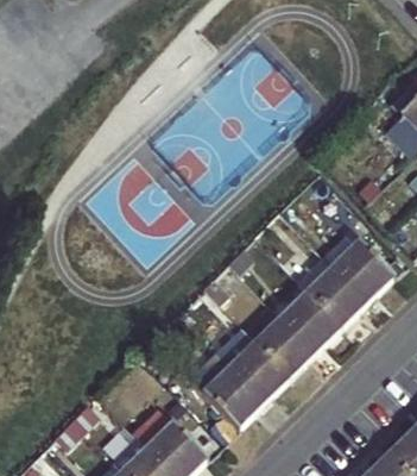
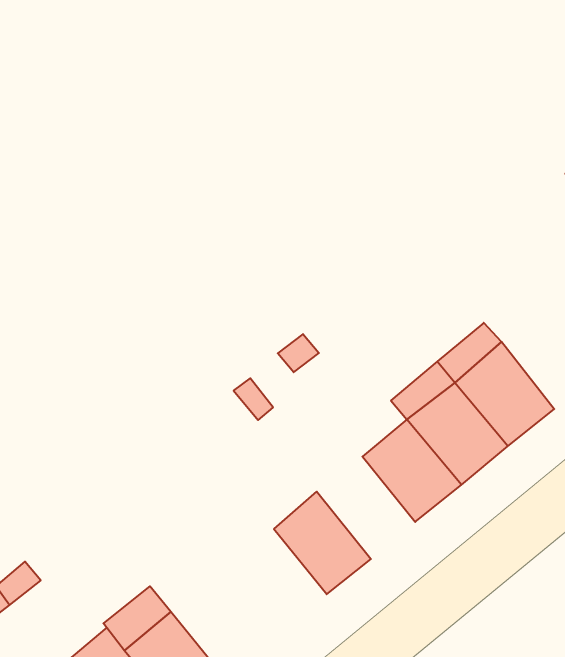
building: [240,302,315,377] -> none
building: [188,350,265,428] -> none

